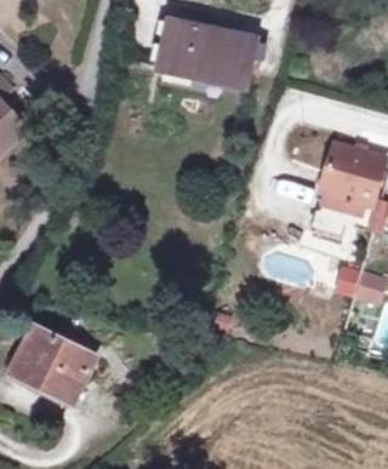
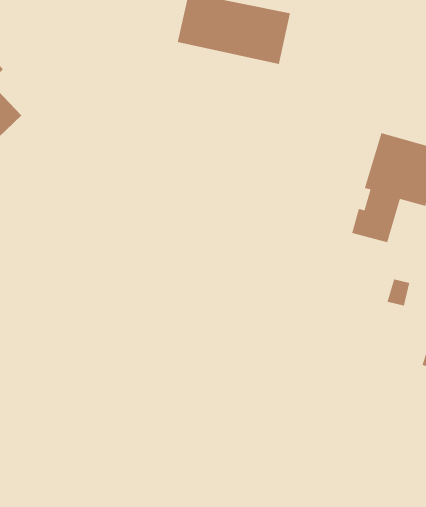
building: [12,327,95,400] -> none

